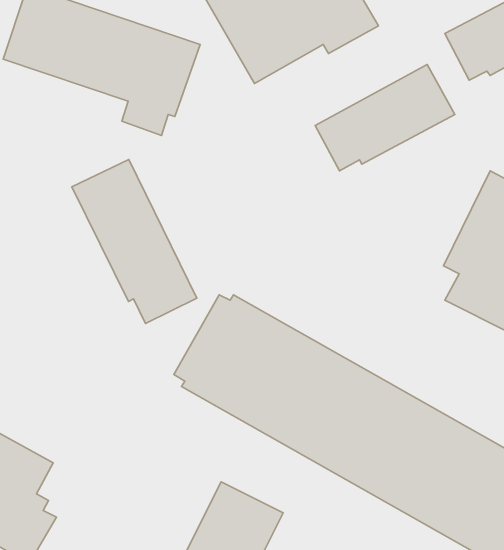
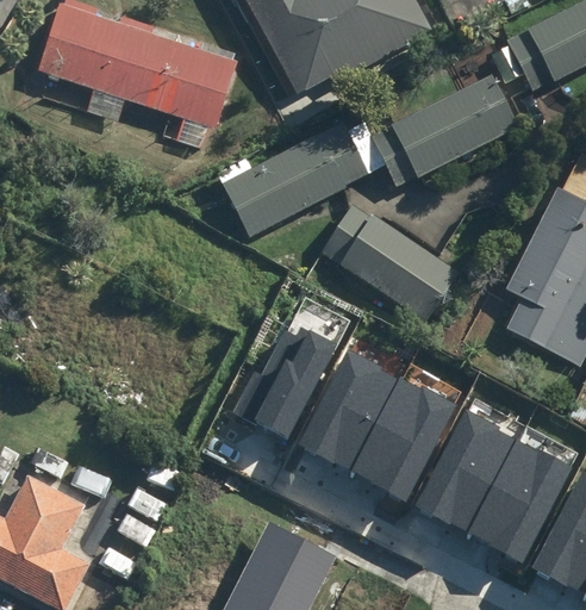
building: none -> [225,123,368,231]
building: [72,160,197,324] -> none
building: none -> [325,204,460,317]

